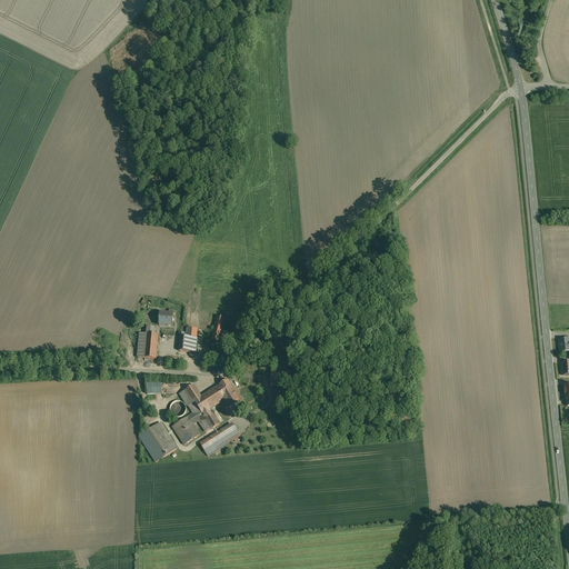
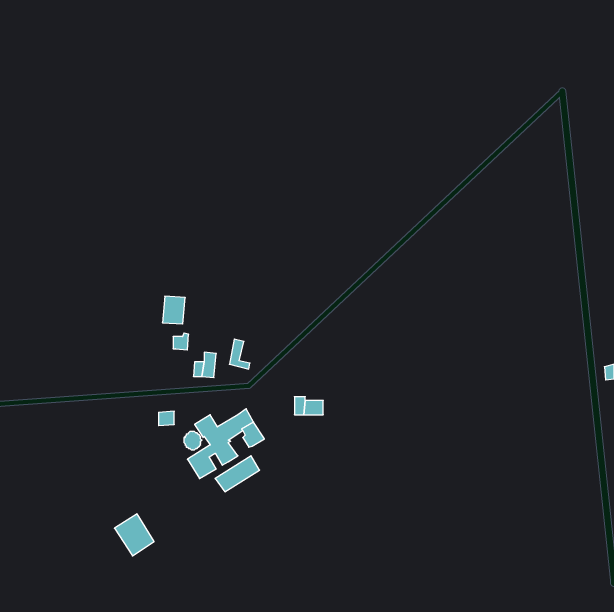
building: [137,331,158,357] -> [162,296,185,324]
building: [140,421,177,460] -> [114,514,154,556]

